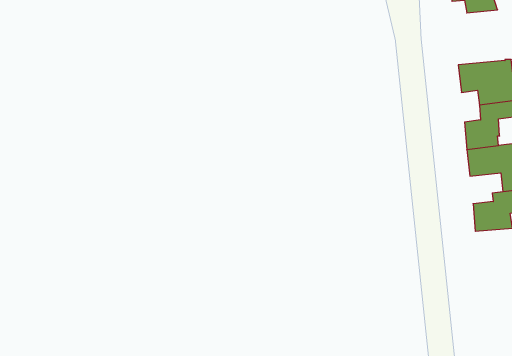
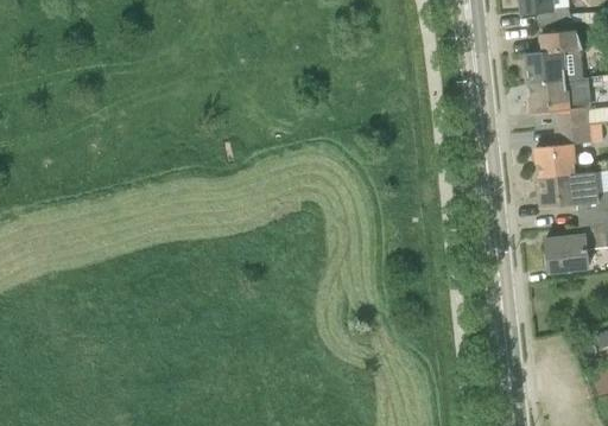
building: none -> [526,30,583,83]

